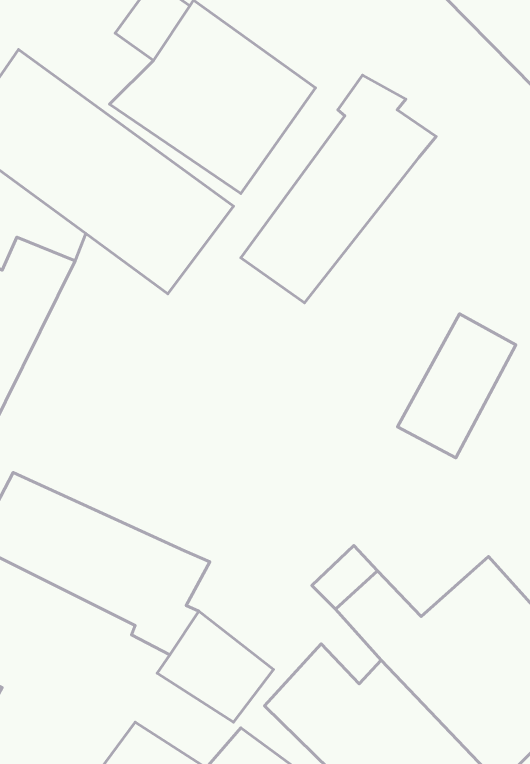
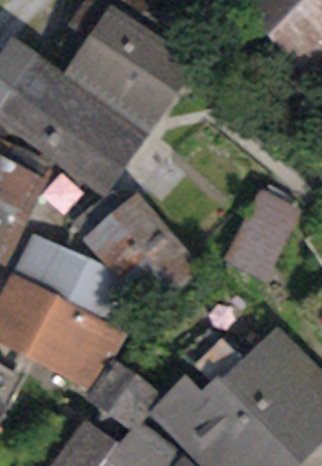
building: [241,75,436,303] -> none
building: none -> [83,200,196,304]
building: none -> [14,243,131,329]

